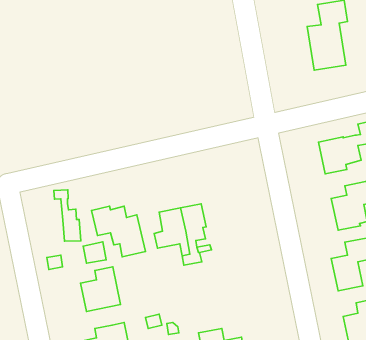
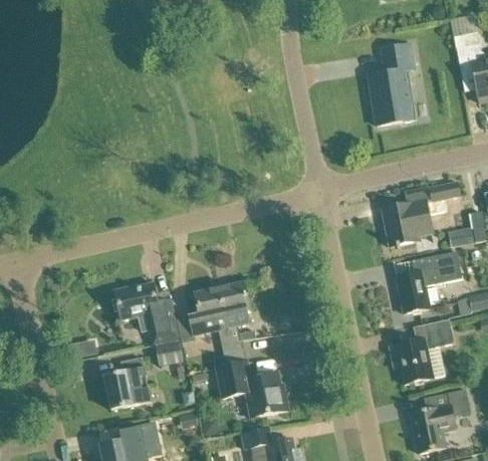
building: [54,190,81,241] -> none
building: [83,242,106,263] -> [156,338,183,364]
building: none -> [213,350,287,416]

